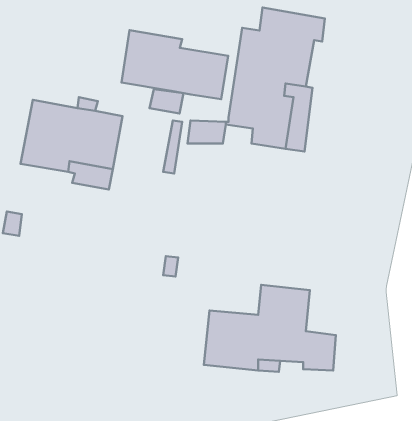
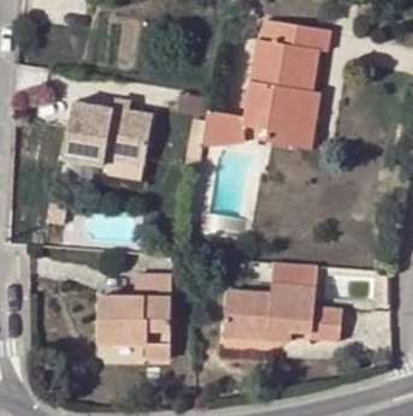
building: [122,30,228,99] -> none
building: none -> [99,275,171,361]

